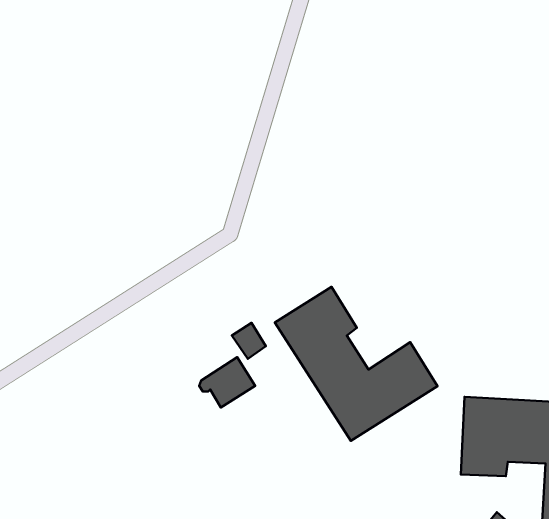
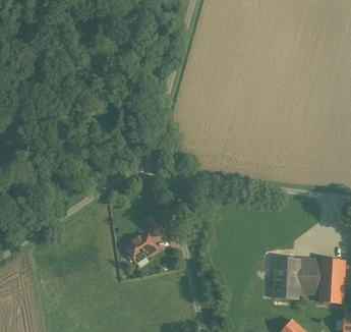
building: [275,287,437,441] -> none

